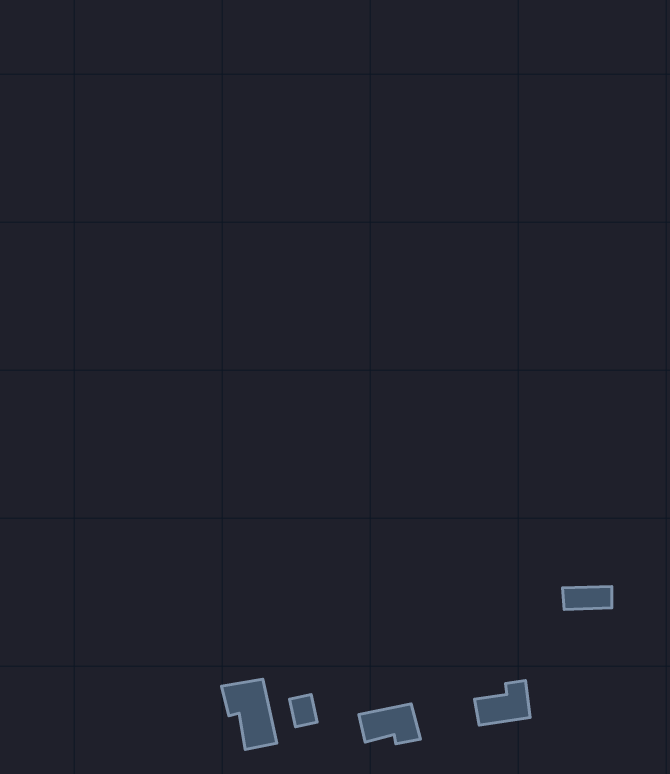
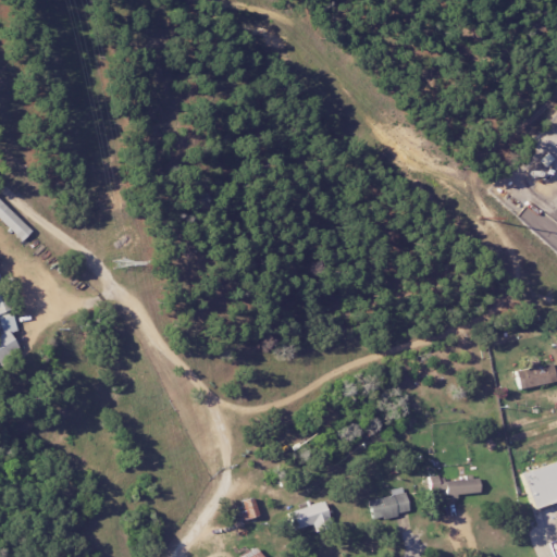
building: [563,586,612,609] -> [446,478,481,494]
building: [222,679,277,750] -> none

